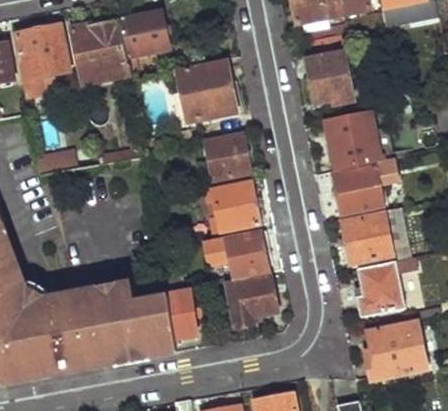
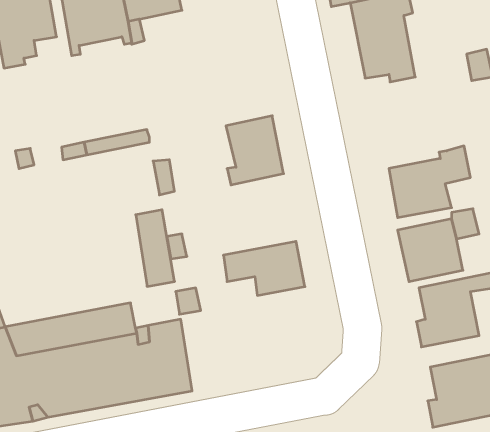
building: [177,61,237,121] -> none
building: [326,110,381,168] -> none
building: [213,182,260,231] -> none
building: [228,276,278,327] -> none
building: [169,290,200,351] -> [136,210,175,286]

